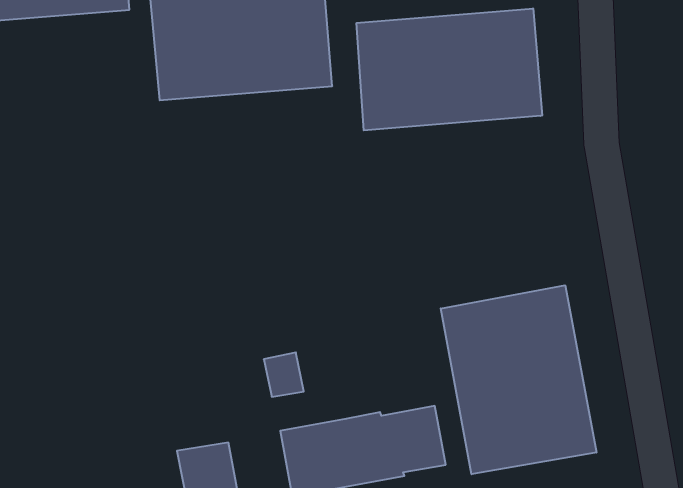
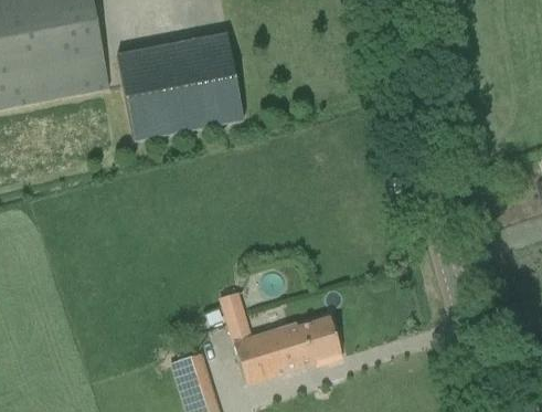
building: [357,8,542,130] -> none
building: [441,285,596,474] -> none

